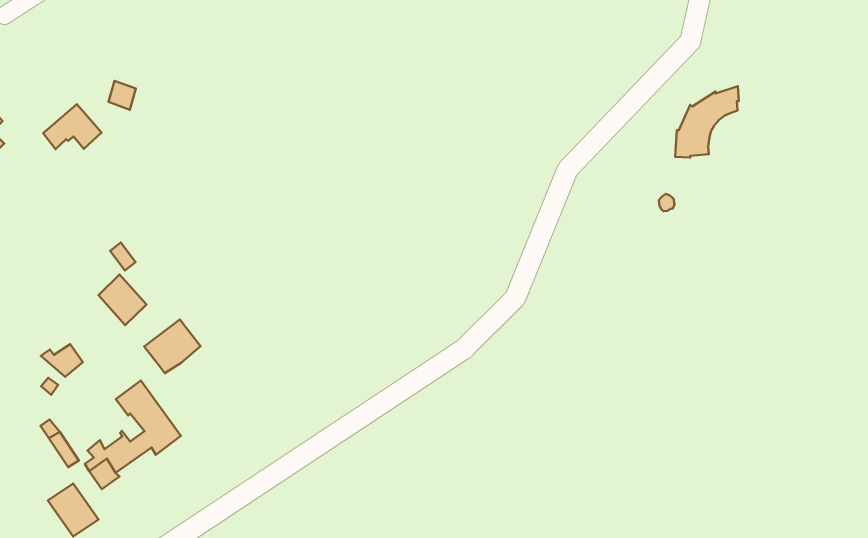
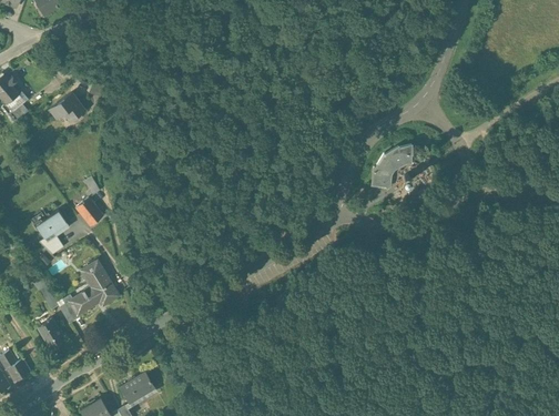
building: [675,86,739,158] -> [372,143,411,183]
building: [144,319,201,373] -> [35,210,69,241]

